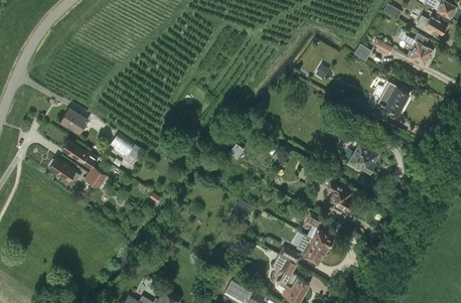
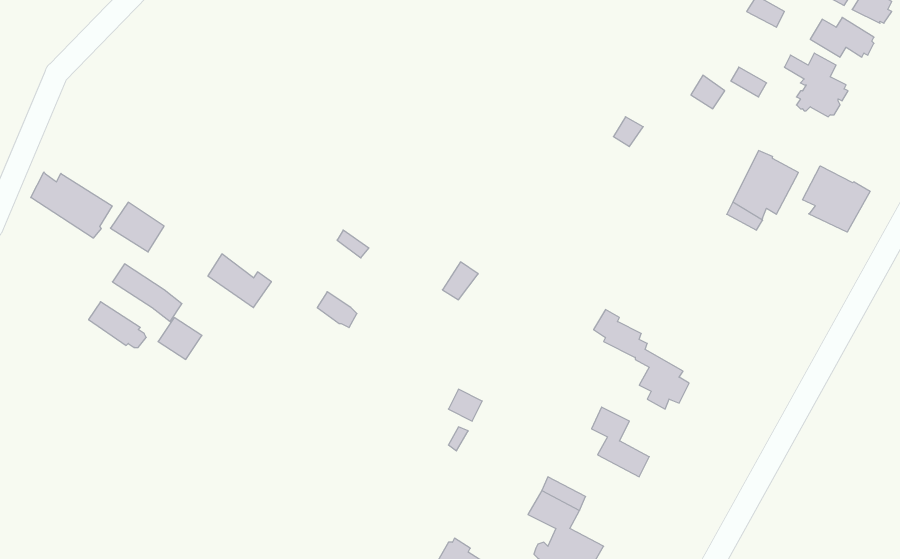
building: none -> [803,166,870,232]
building: none -> [31,172,112,238]
building: [348,140,378,170] -> none
building: [295,234,329,263] -> none

